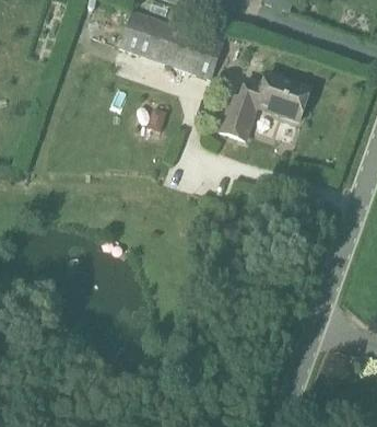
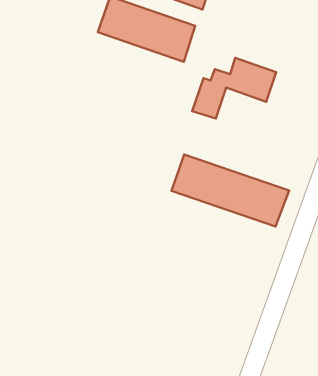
building: none -> [171,154,289,226]

